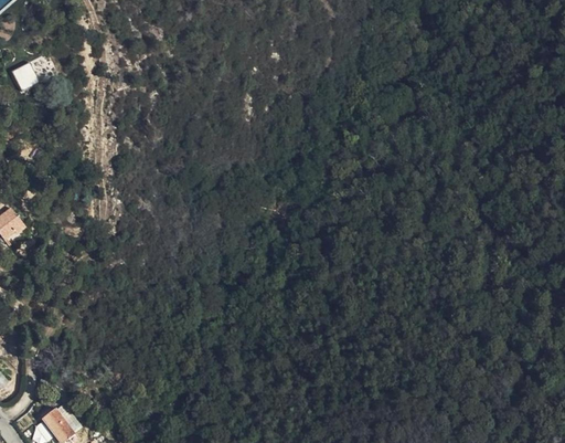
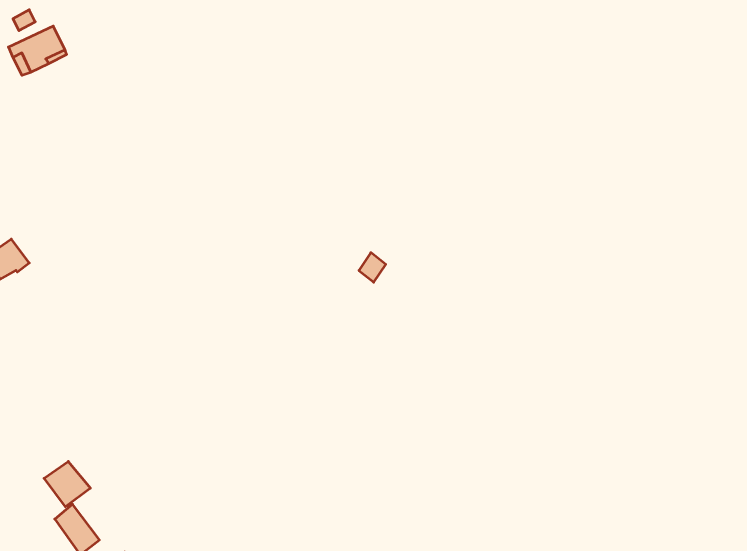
building: none -> [44,461,90,507]

